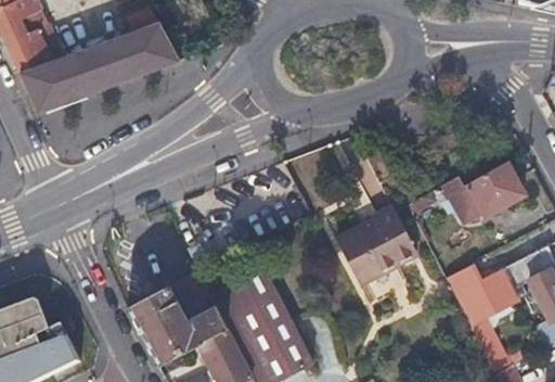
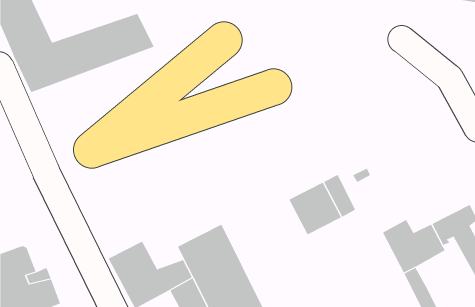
building: [442,161,522,221] -> none

